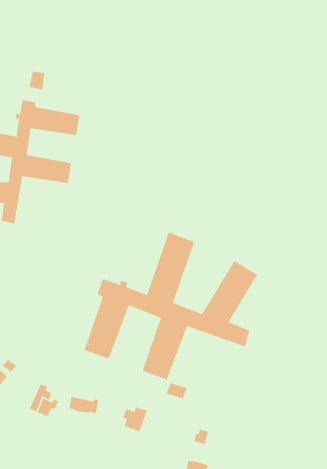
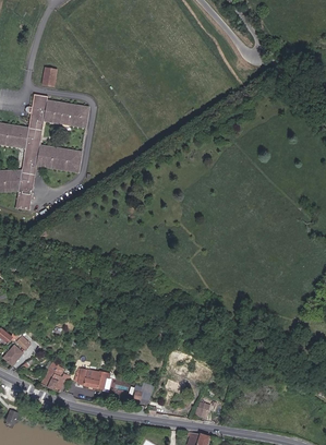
building: [84,231,258,380] -> none

